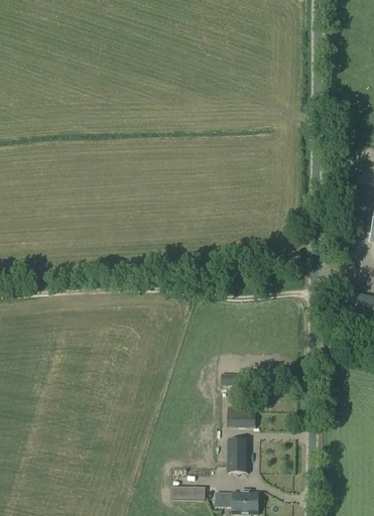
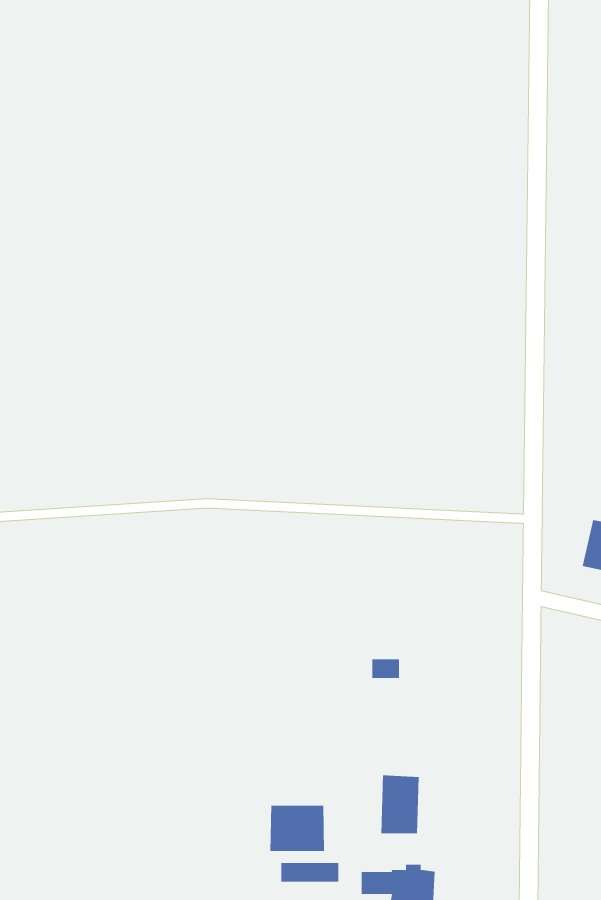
building: [228,406,255,426] -> none
building: none -> [270,805,325,852]

